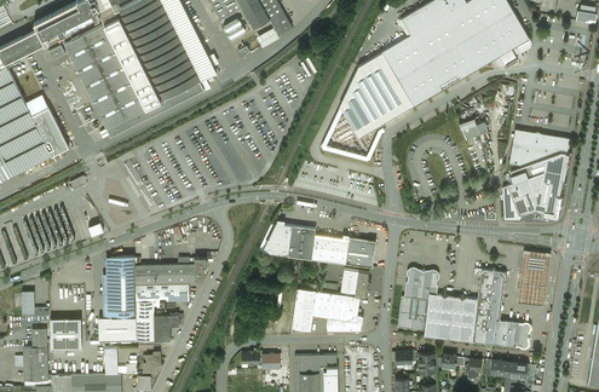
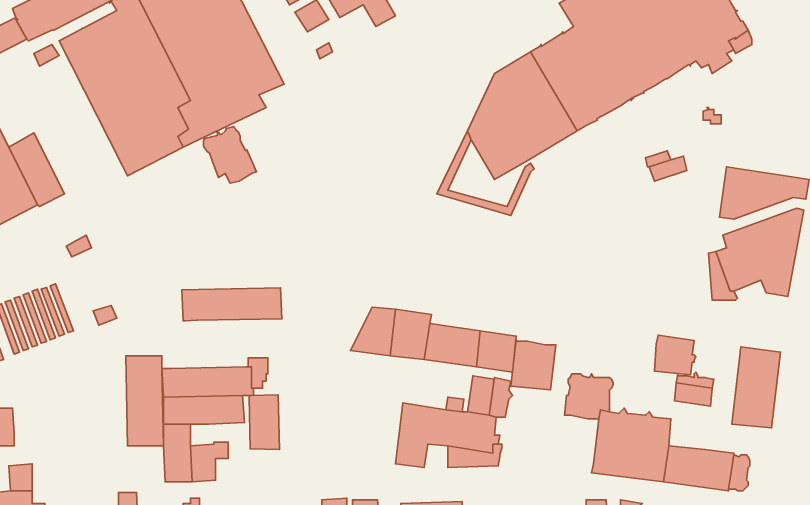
building: none -> [203,127,257,183]
building: none -> [182,288,282,321]
building: none -> [249,395,279,449]
building: [476,293,503,319] -> [654,335,696,375]
building: [398,295,428,329] -> [511,339,556,390]
building: [99,317,137,342] -> none
building: [51,318,82,350] -> none

